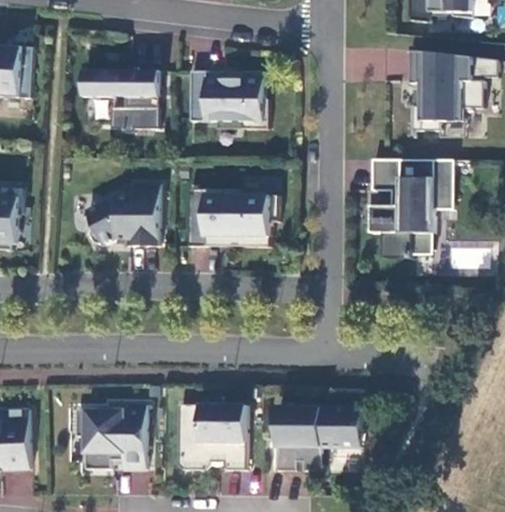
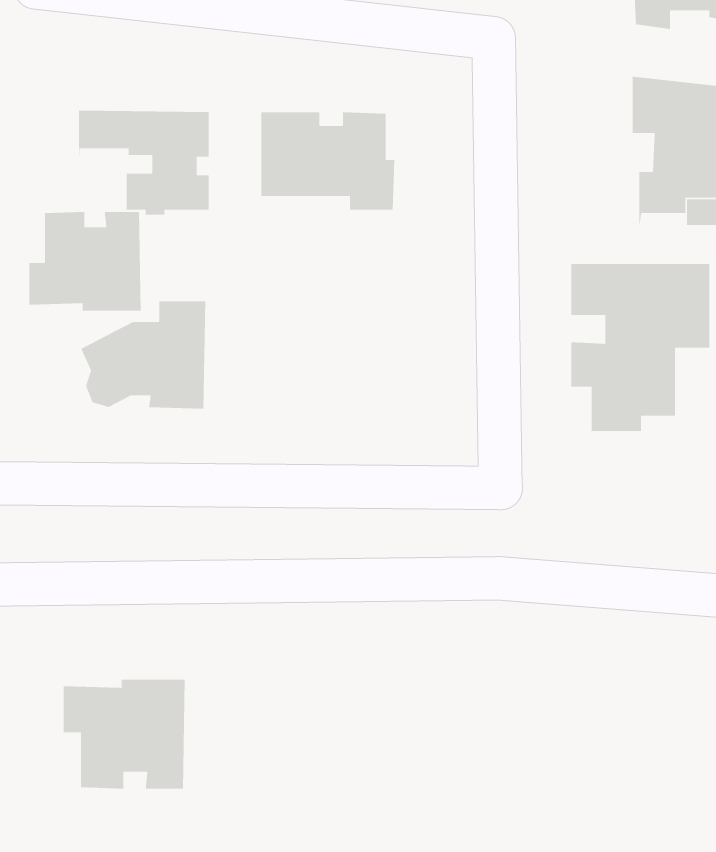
building: none -> [29,211,142,312]
building: [187,187,278,245] -> none
building: [178,404,247,469] -> none
building: [276,406,362,470] -> none

